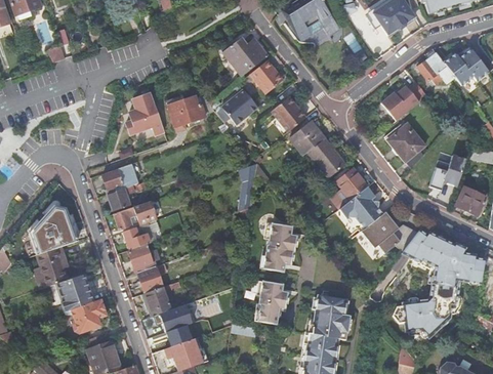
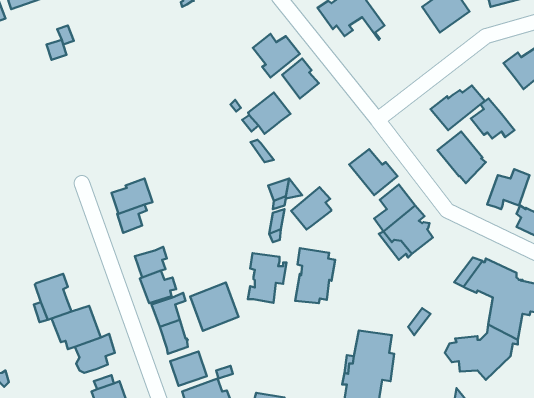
building: [417,49,455,84] -> [471,98,515,138]
building: [126,93,165,134] -> none
building: [168,95,205,126] -> none
building: [272,96,305,132] -> none
building: [292,117,327,154] -> [291,187,331,230]
building: [114,201,156,230] -> none
building: [29,204,89,254] -> none
building: [363,215,401,251] -> none
building: none -> [190,282,239,331]
building: [253,281,287,324] -> [248,253,287,303]

